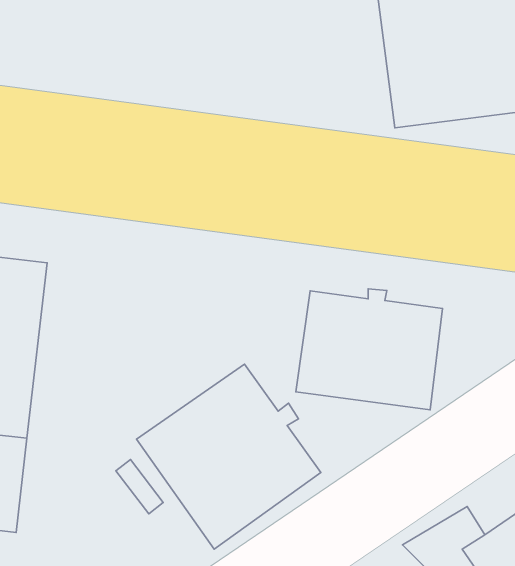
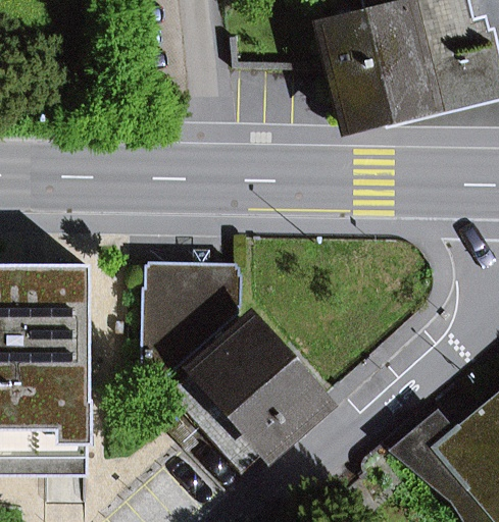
building: none -> [142,266,238,383]
building: [296,289,443,410] -> none

